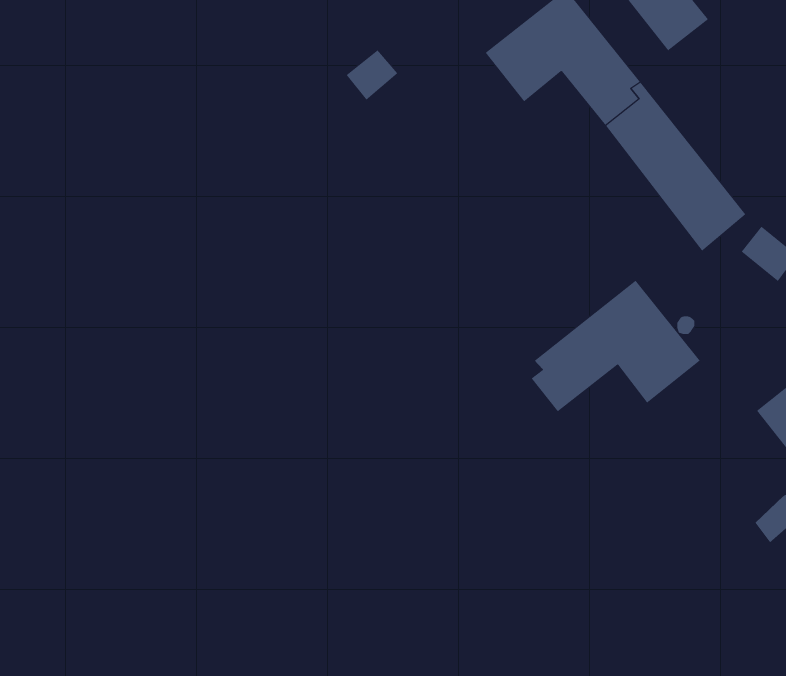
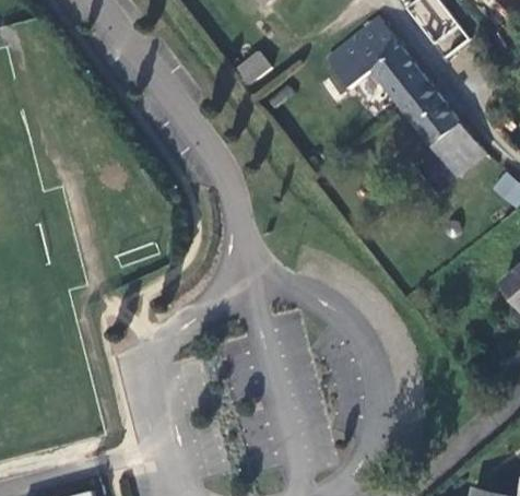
building: [531,280,701,412] -> none

